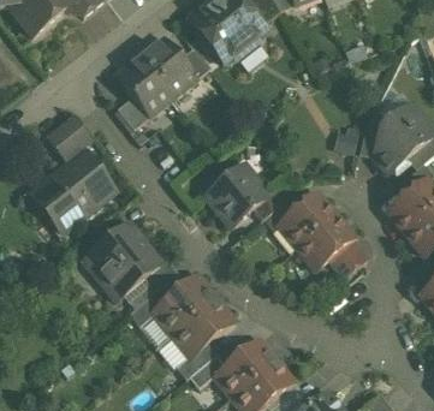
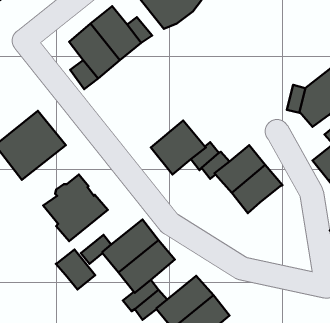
building: [49,118,89,159] -> none
building: [329,238,368,275] -> none
building: none -> [56,250,95,290]

